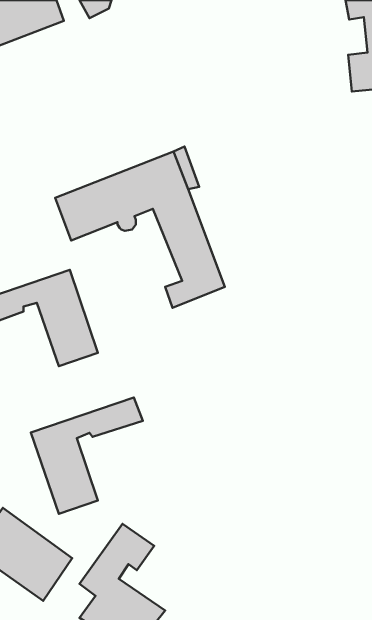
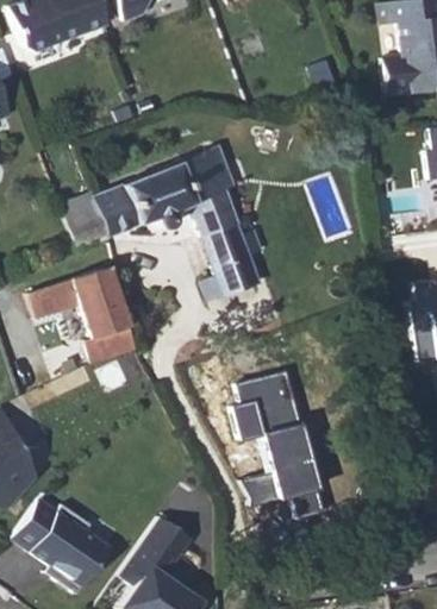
building: none -> [62,193,111,250]
building: none -> [241,376,330,522]
building: [31,397,143,514] -> none

